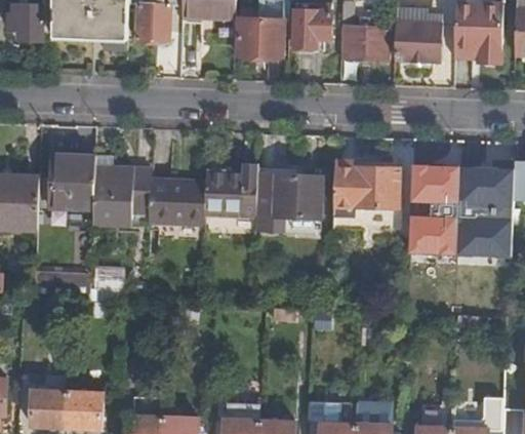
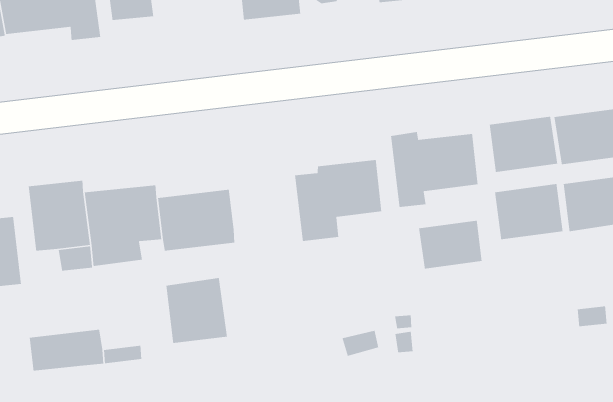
building: [205,171,245,214] -> none
building: none -> [418,220,482,270]
building: none -> [165,277,228,344]

